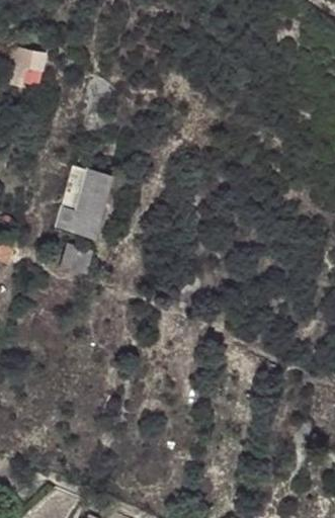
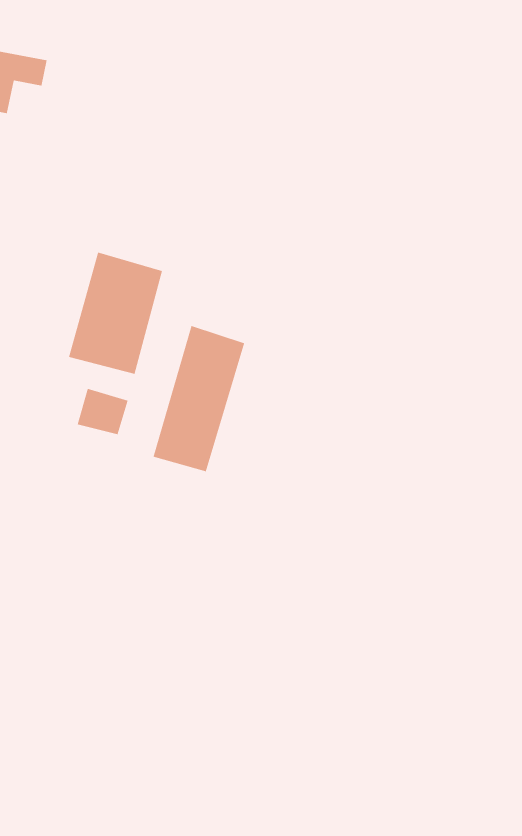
building: none -> [153,325,245,472]

